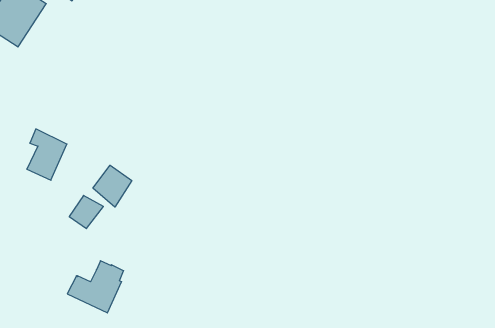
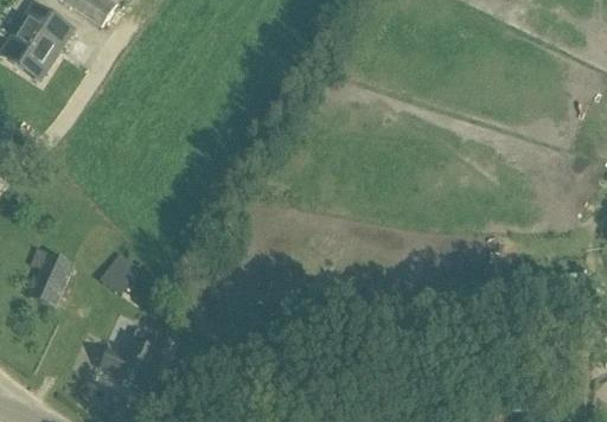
building: [27,129,67,180] -> [25,248,72,308]
building: [93,165,132,207] -> none

